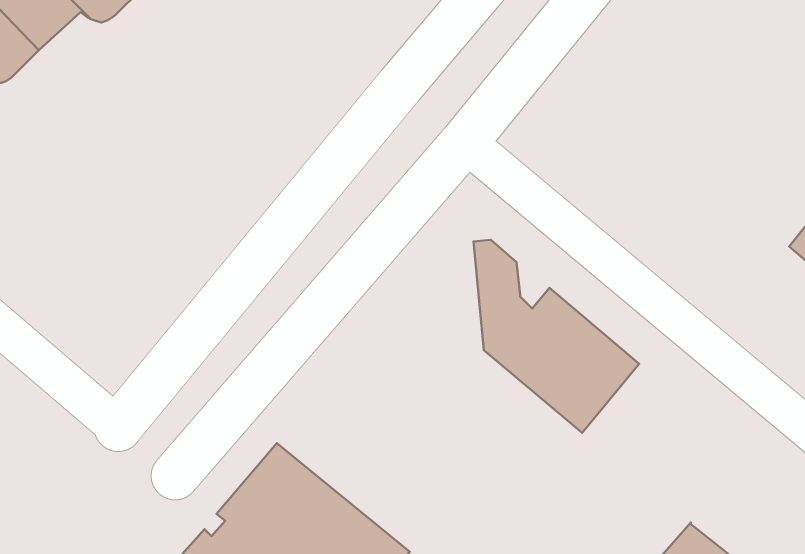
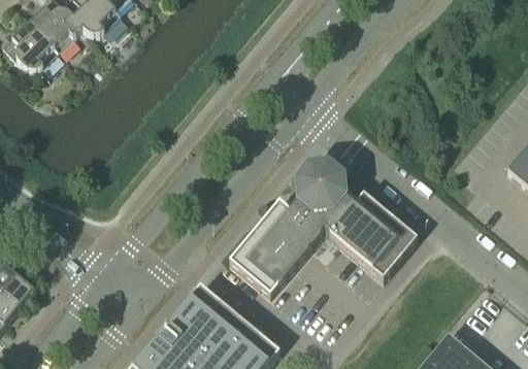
building: none -> [230,165,325,295]

